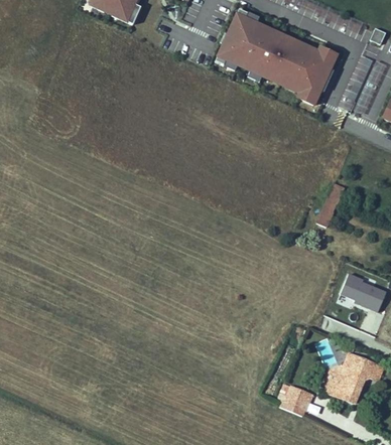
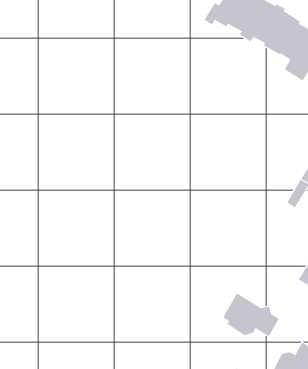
building: none -> [222,293,280,337]

